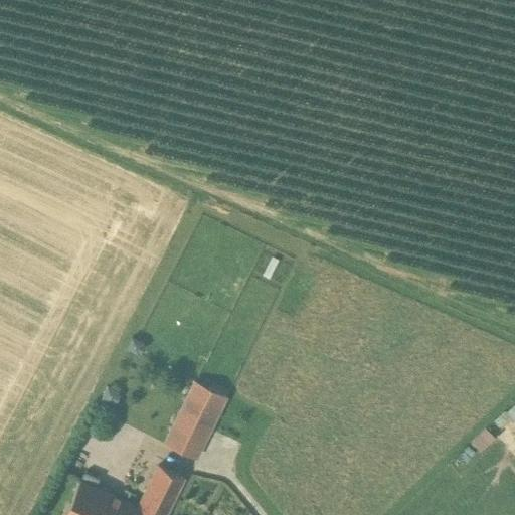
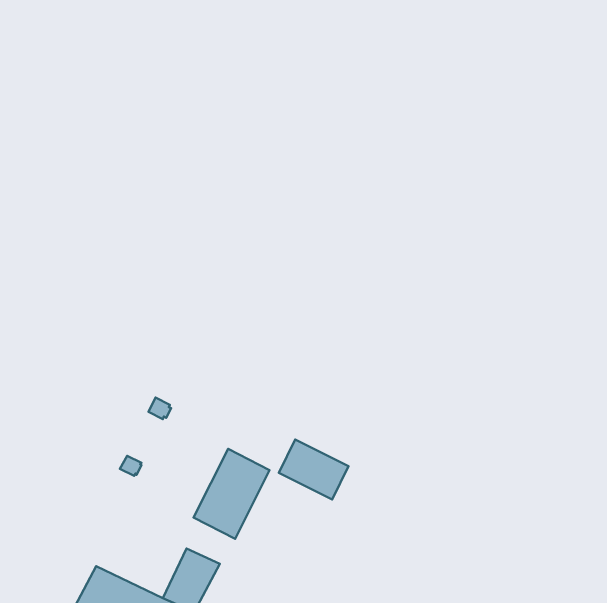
building: none -> [279,439,349,500]

